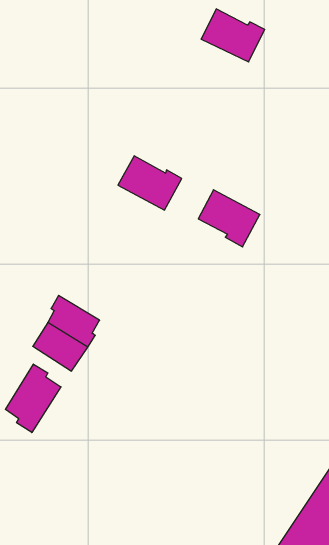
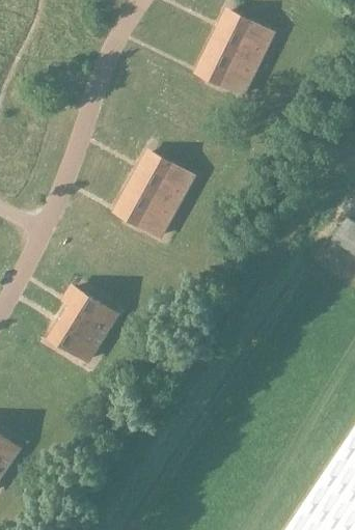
building: none -> [198,43,257,96]
building: [198,190,260,247] -> [117,183,176,238]
building: [5,364,61,433] -> none

